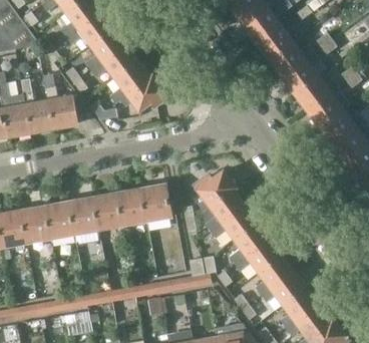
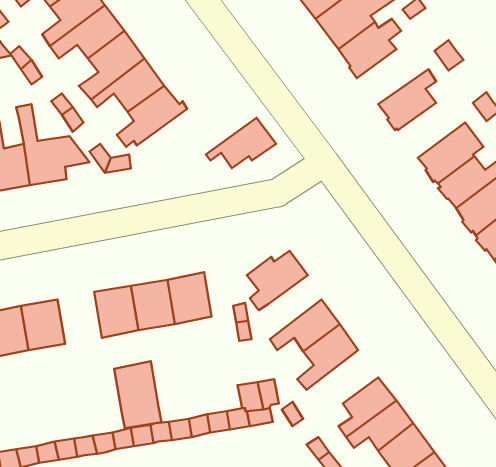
building: [266,39,313,75] -> none
building: [293,74,338,110] -> none
building: [121,78,167,111] -> [206,118,276,168]
building: [203,188,243,230] -> none
building: [69,199,100,243] -> [114,361,162,428]
building: [233,237,280,272] -> none

